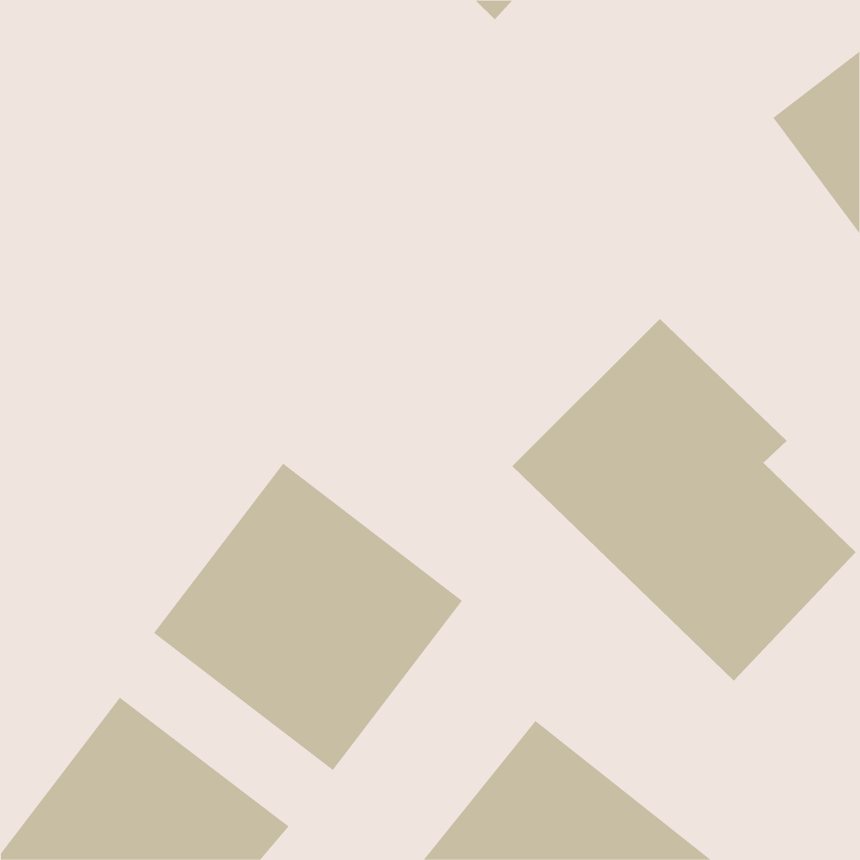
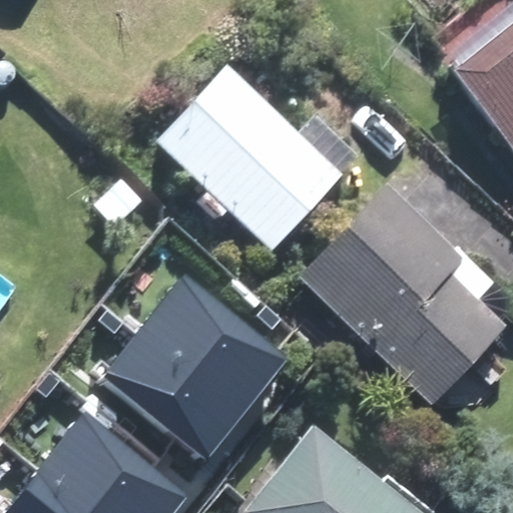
building: none -> [161,67,359,252]

